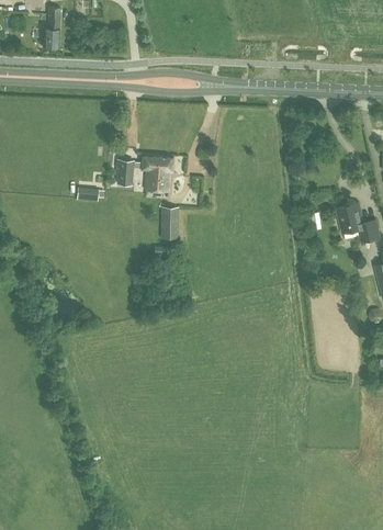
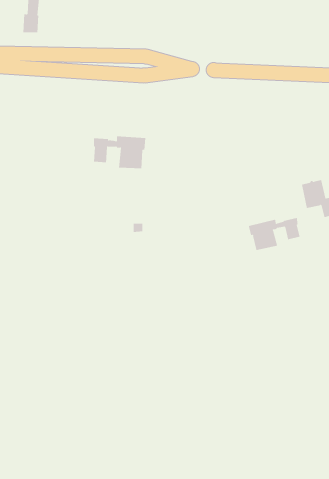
building: [159,207,178,239] -> none
building: none -> [248,217,300,251]

